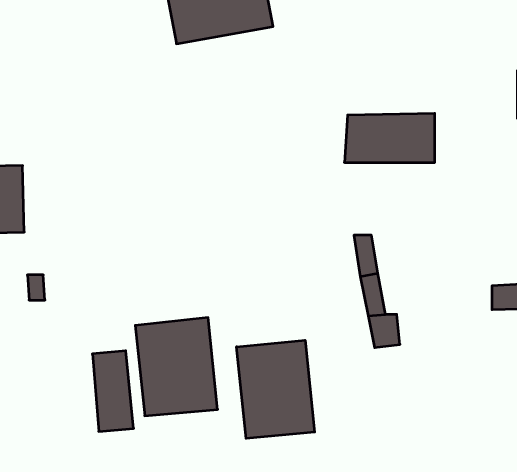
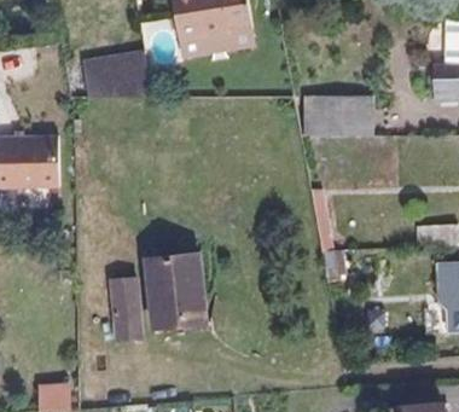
building: none -> [82,51,152,98]
building: [237,340,315,438] -> none

